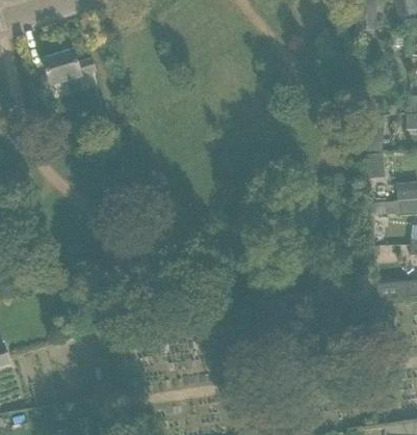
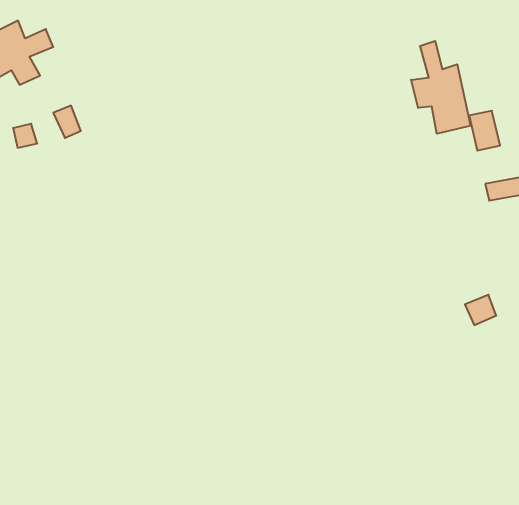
building: none -> [411,41,471,134]

